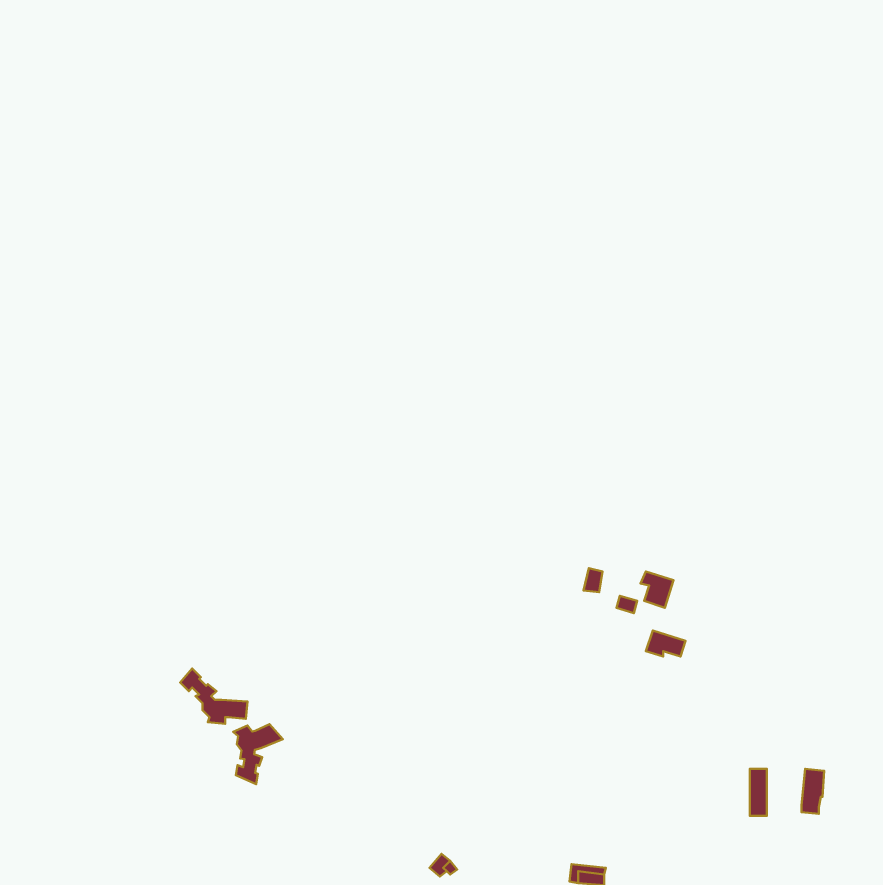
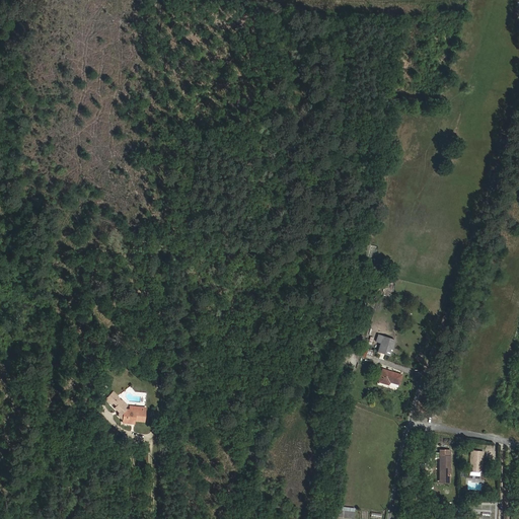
building: [233,724,283,784] -> none

